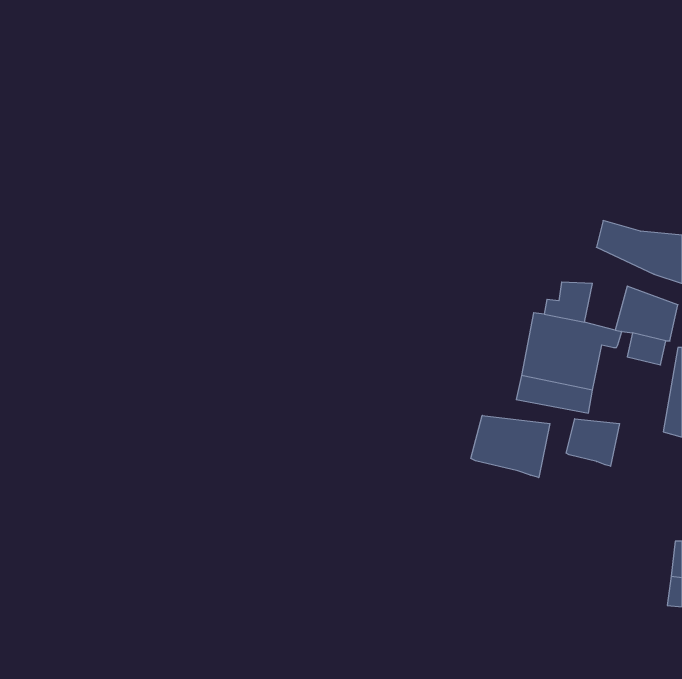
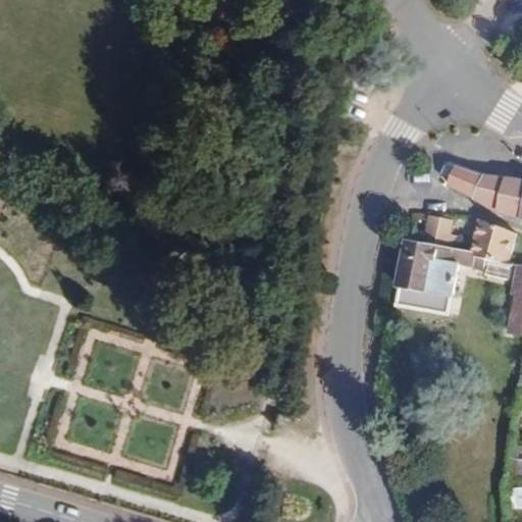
building: [471,415,550,478] -> none
building: [566,419,620,466] -> none

